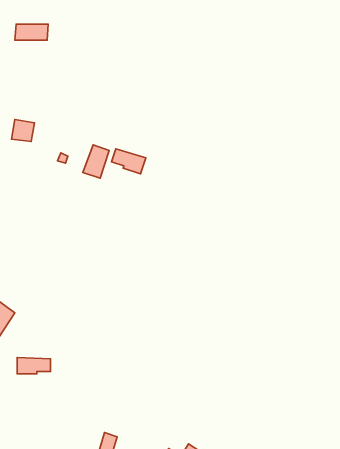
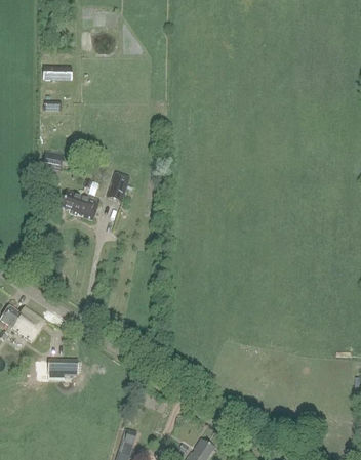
building: [111,149,146,174] -> none
building: none -> [62,191,99,219]

